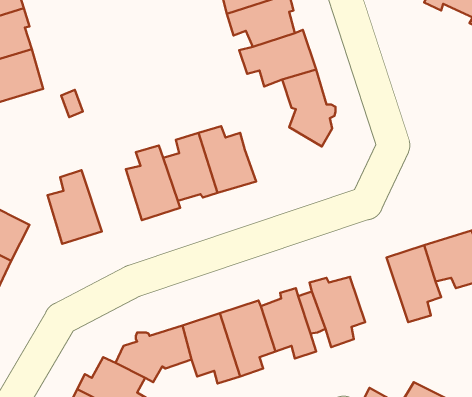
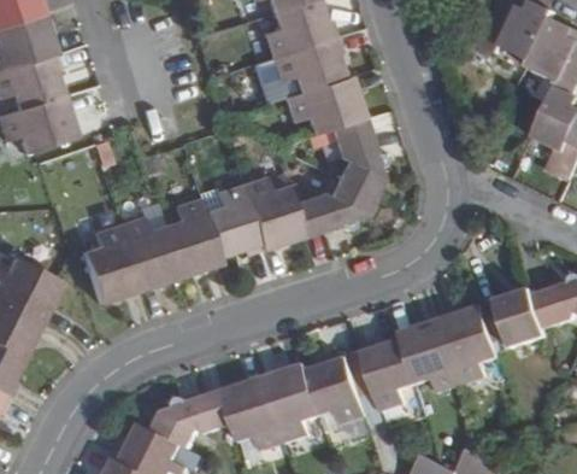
building: none -> [289,179,371,236]
building: none -> [116,216,179,289]
building: none -> [399,317,463,393]

